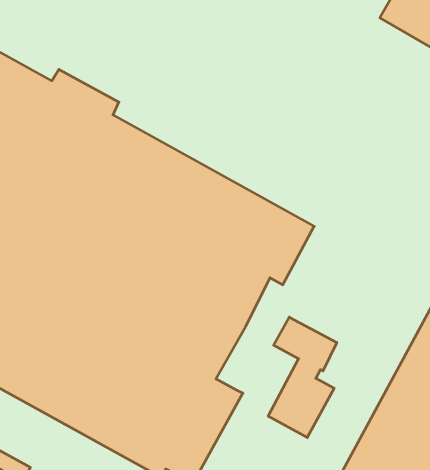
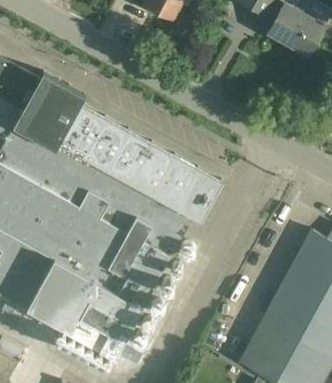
building: [268,317,337,438] -> none

